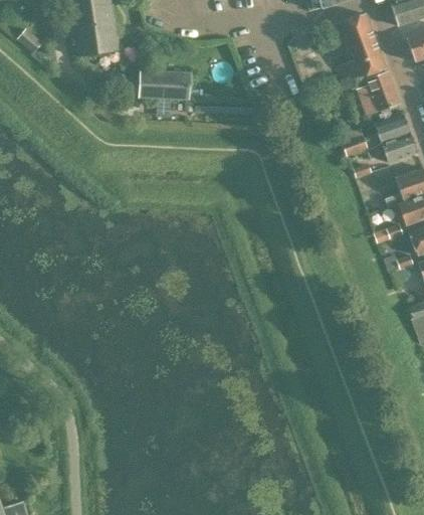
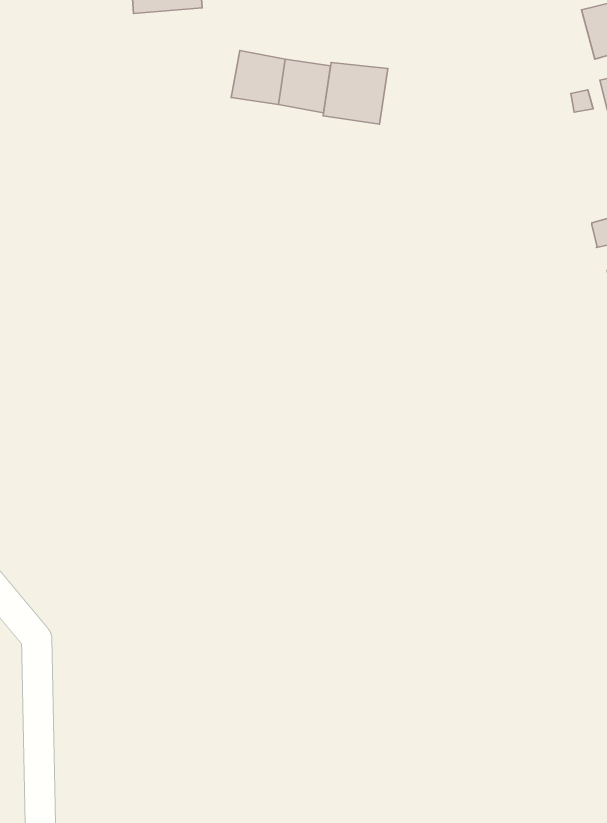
building: none -> [323,62,388,124]

